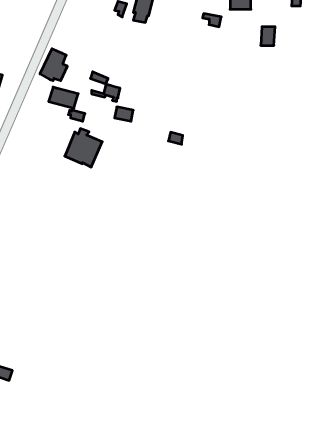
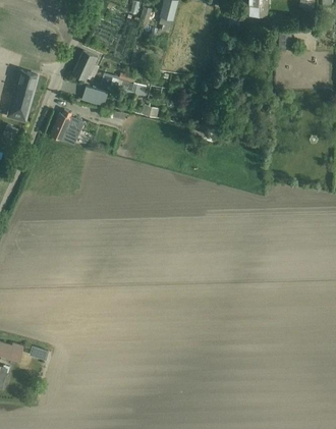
building: [65,129,102,167] -> [50,109,85,145]

